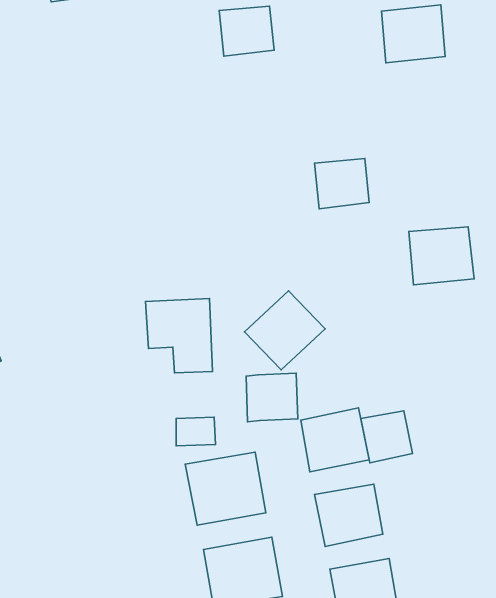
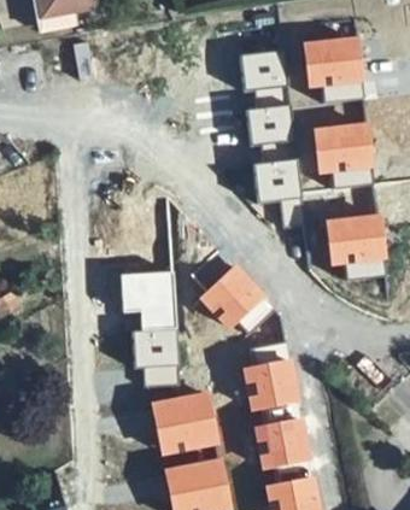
building: [219,6,274,56] -> [241,51,285,90]
building: none -> [247,105,291,145]
building: none -> [317,124,368,170]
building: [246,373,298,422] -> [134,329,175,368]
building: [361,411,413,463] -> none

